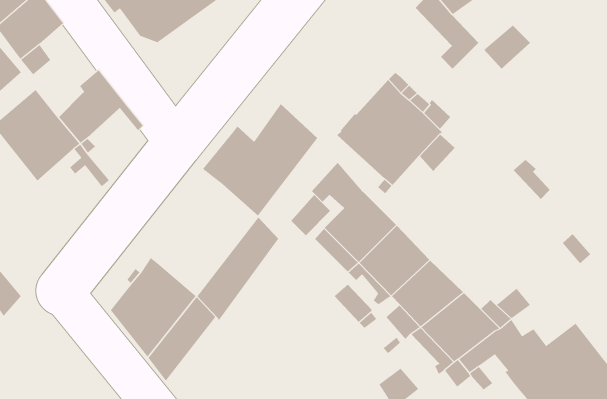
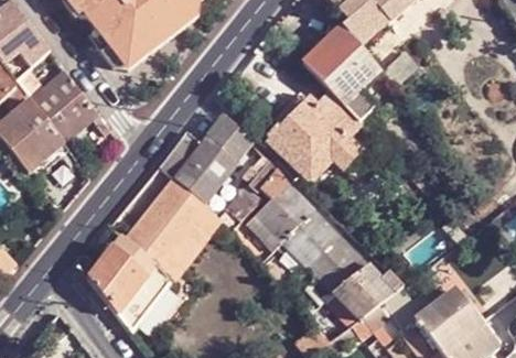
building: none -> [303,37,373,118]
building: none -> [29,70,78,123]
building: none -> [125,176,204,264]

